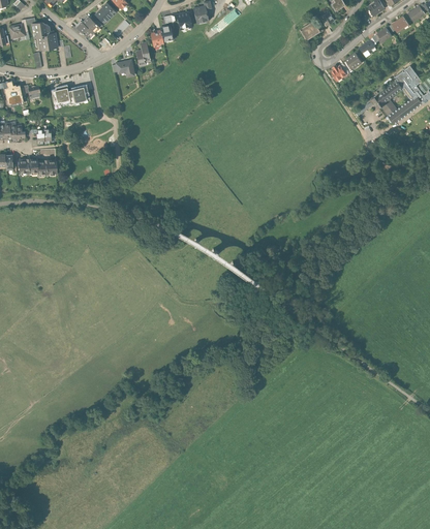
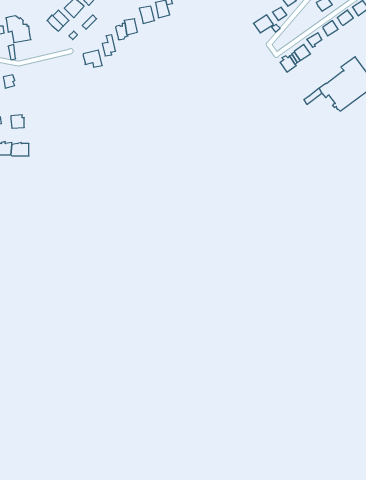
building: [50,84,89,105] -> none

